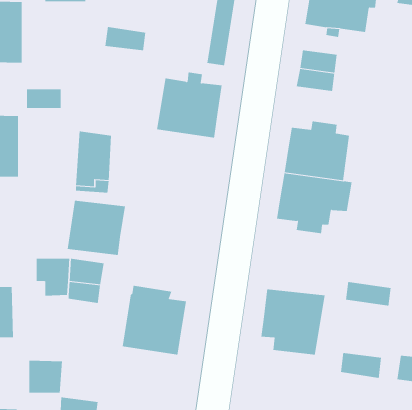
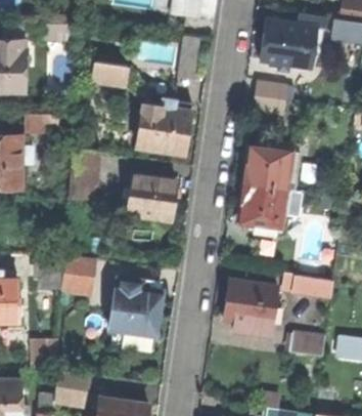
building: [67,200,126,255] -> [127,174,176,220]

